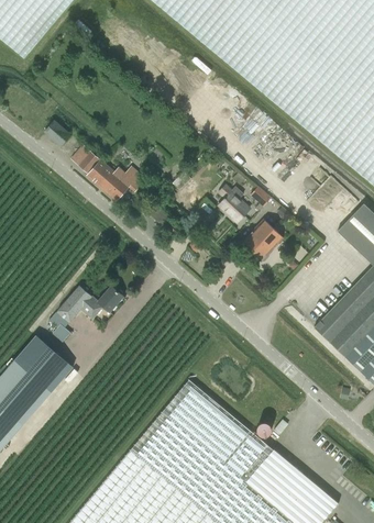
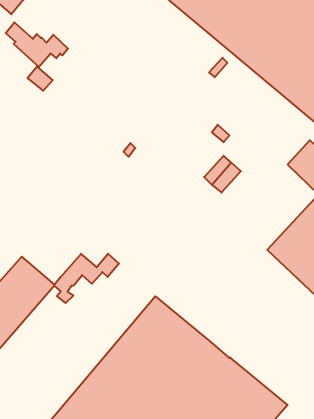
building: [78,151,148,201] -> [6,22,68,67]
building: [220,187,251,224] -> none
building: [48,286,122,342] -> [54,254,119,303]

